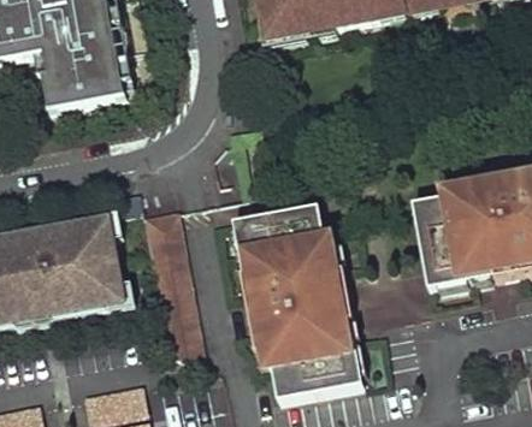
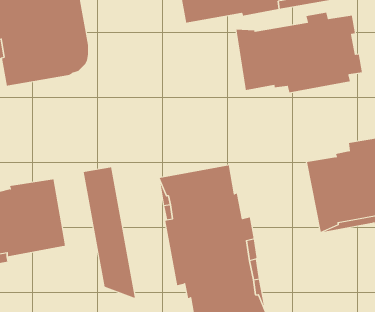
building: none -> [236,12,362,93]

